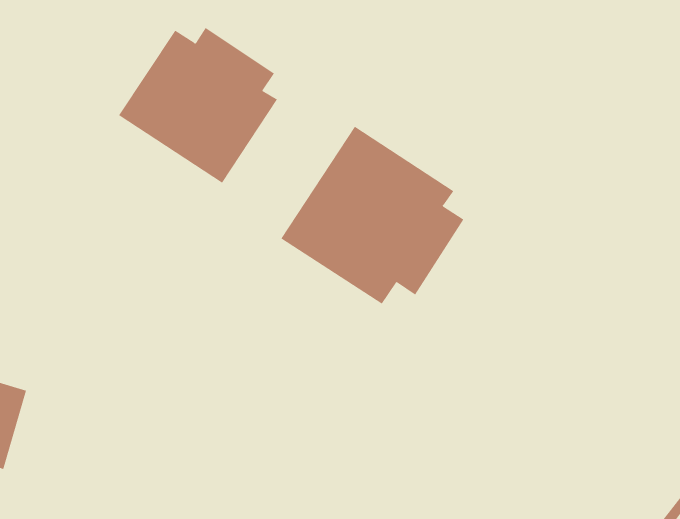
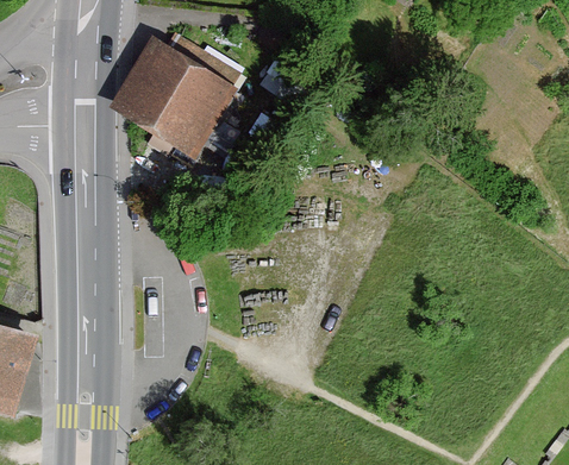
building: [280,126,464,305] -> none

